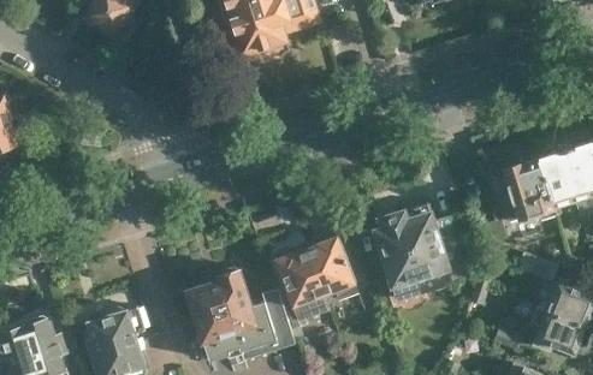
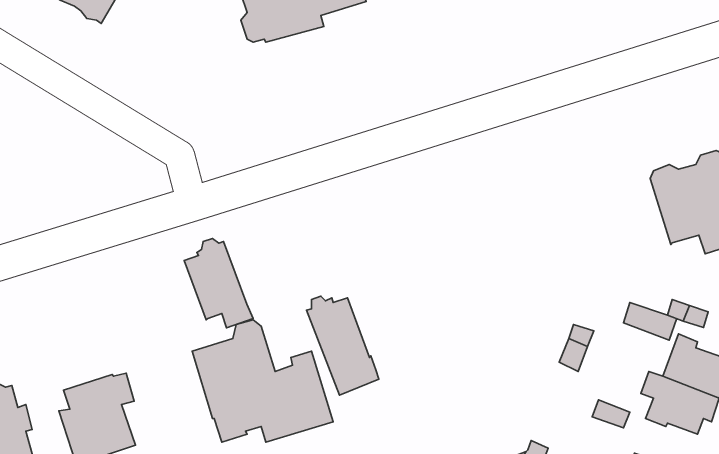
building: [499,153,556,221] -> none
building: [373,204,463,296] -> none
building: [304,232,357,300] -> [184,238,253,328]

